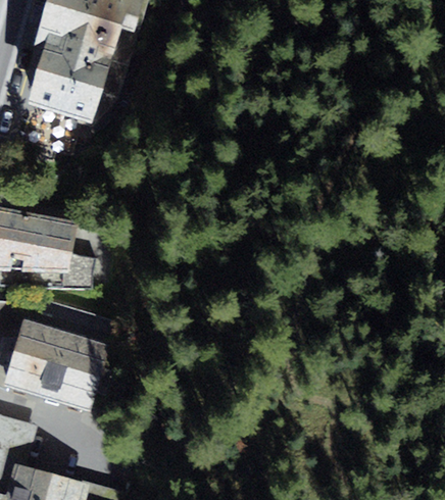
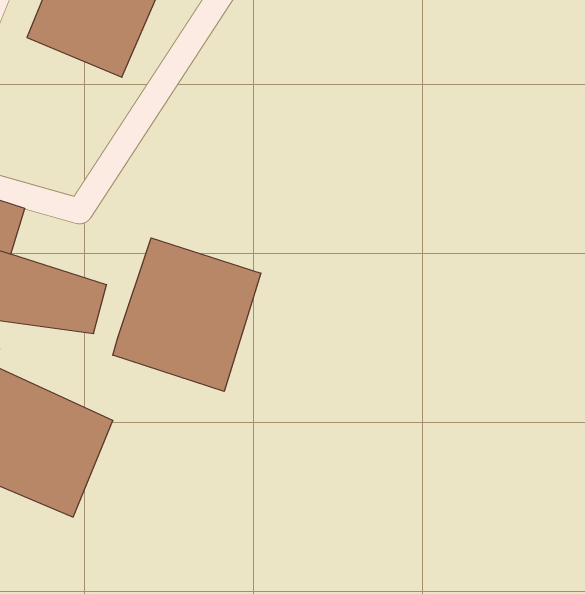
building: [32,214,78,253] -> none
building: none -> [113,238,261,391]

